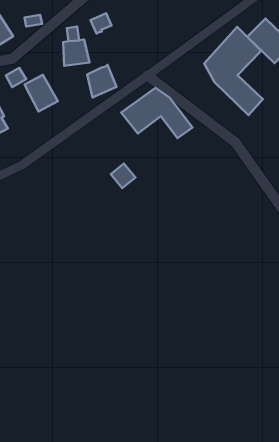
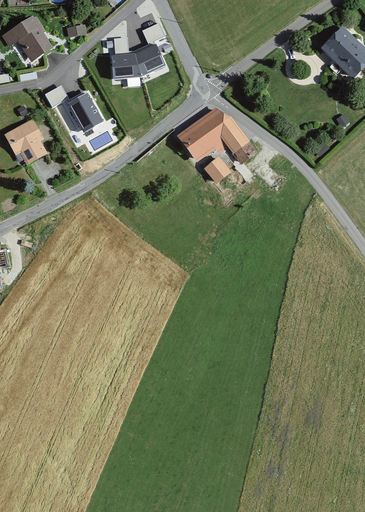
building: [204,27,263,115] -> none
building: [87,65,116,98] -> [134,41,167,78]
building: [111,164,135,188] -> [203,156,231,184]

